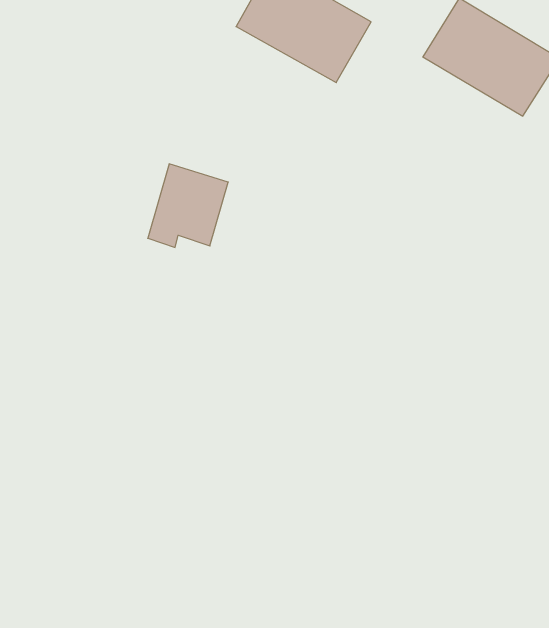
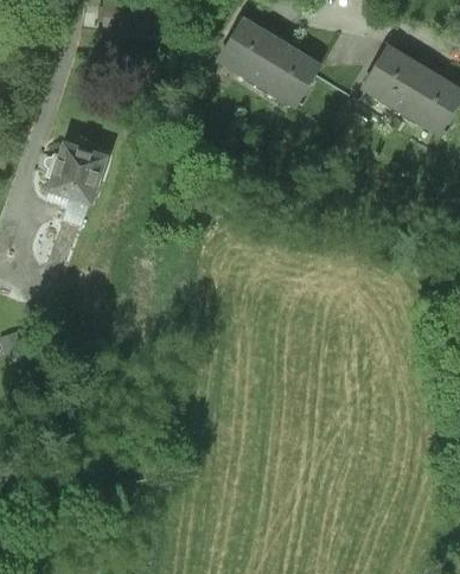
building: [148,164,228,247] -> [45,144,108,209]

